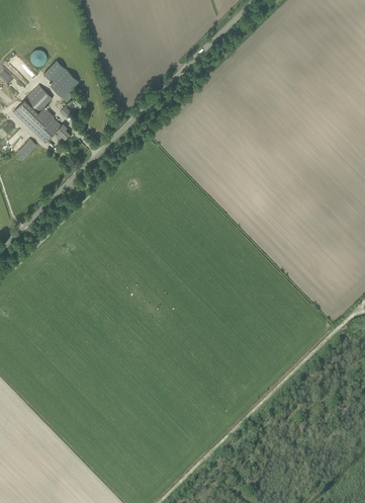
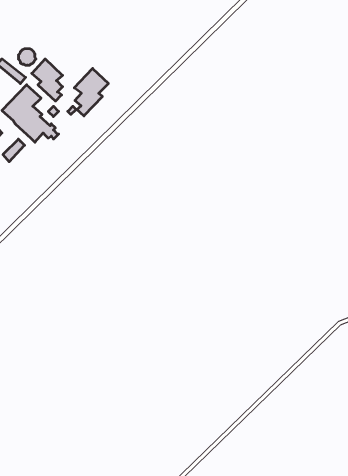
building: none -> [74,68,108,116]

